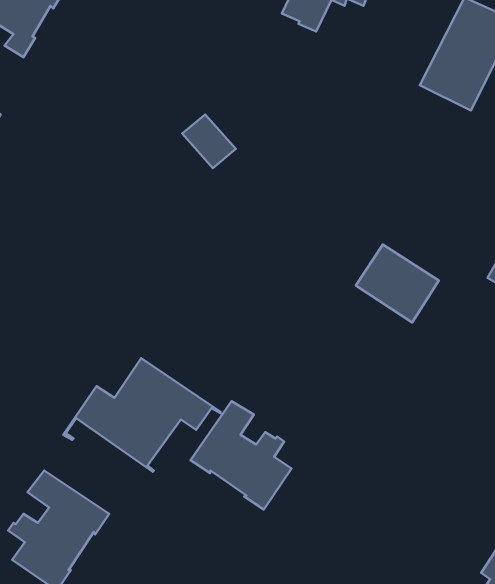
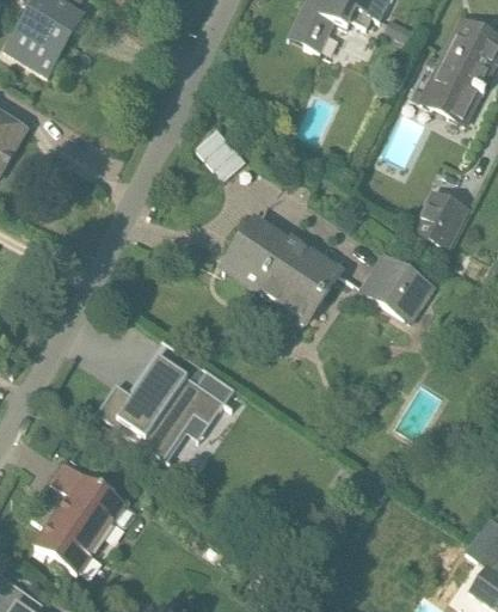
building: none -> [411,188,468,249]
building: none -> [227,216,344,319]
building: [191,401,292,509] -> none

